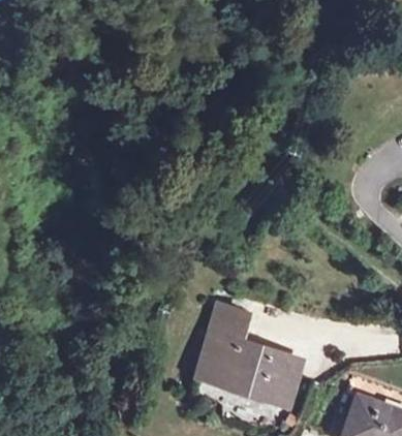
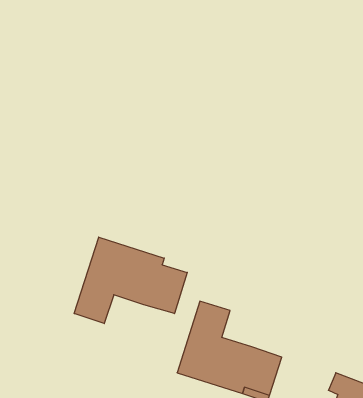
building: none -> [74,237,187,324]

